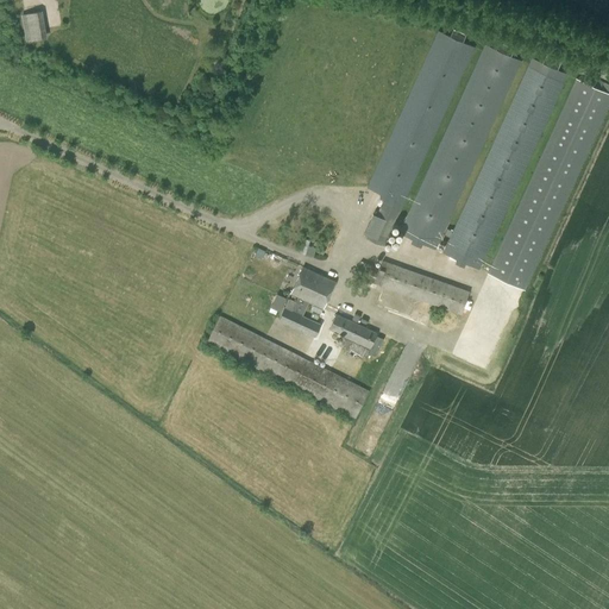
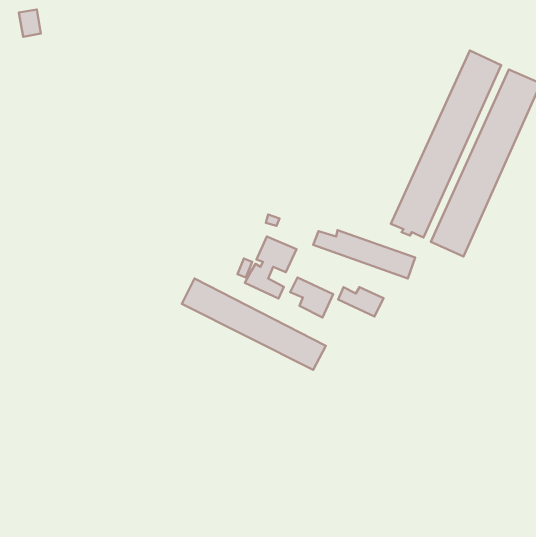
building: [368,31,476,246] -> none
building: [400,44,522,250] -> none
building: none -> [338,287,384,317]

